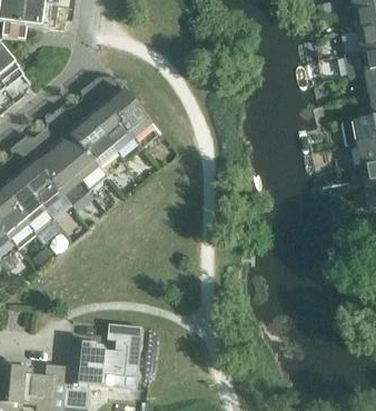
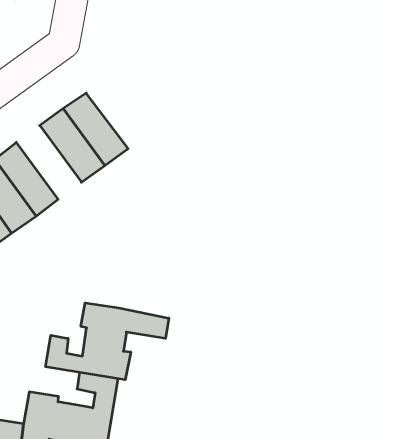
building: [105,84,158,142] -> none
building: [51,128,105,186] -> none
building: none -> [46,303,169,380]

